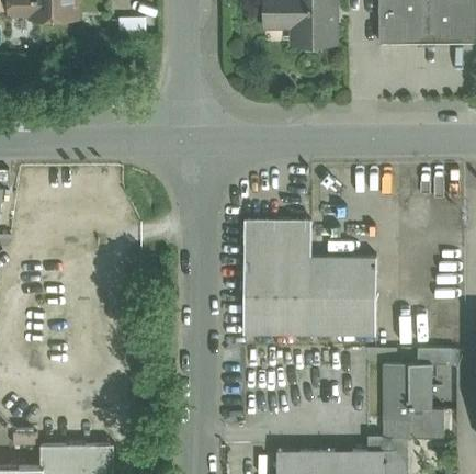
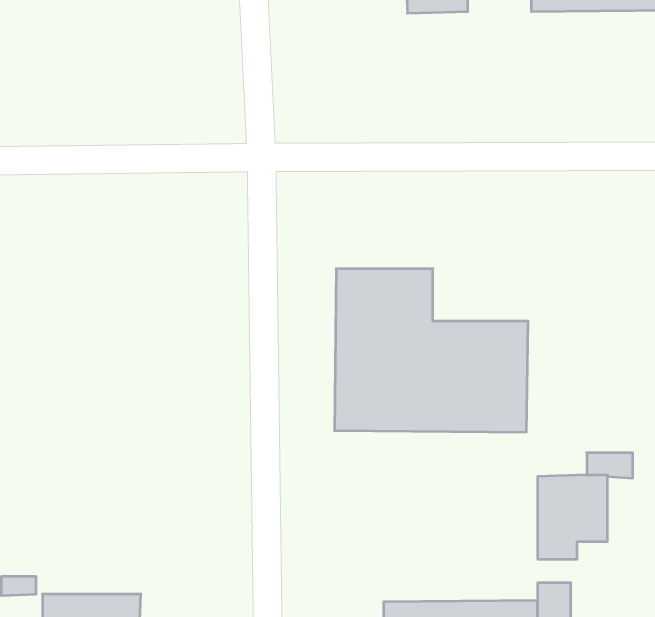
building: [383,409,443,439] -> none

